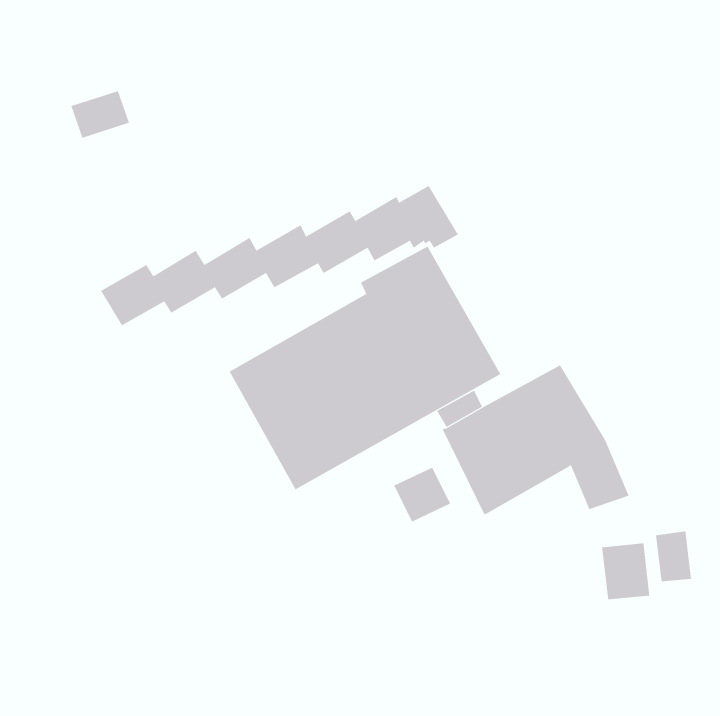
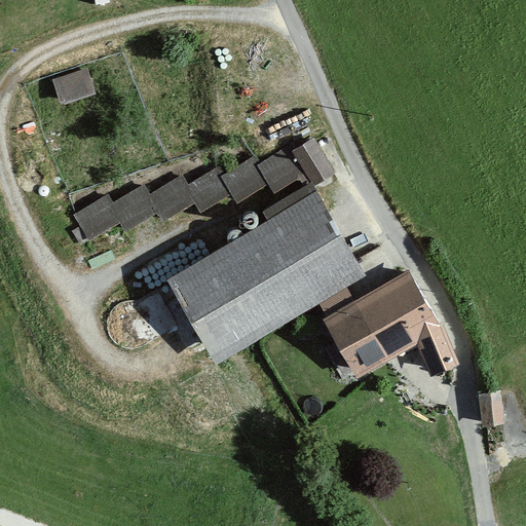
building: [394,467,451,522] -> none
building: [601,543,650,600] -> none

